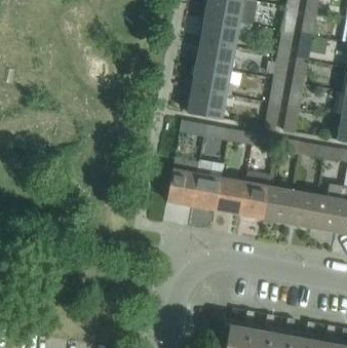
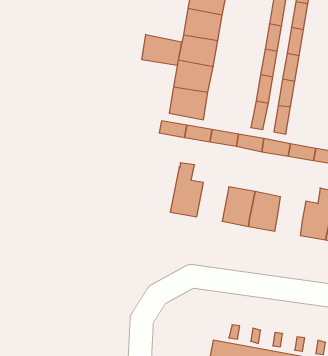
building: none -> [142,34,182,66]
building: [166,159,198,205] -> none
building: [215,178,244,214] -> none
building: [287,191,316,227] -> none

